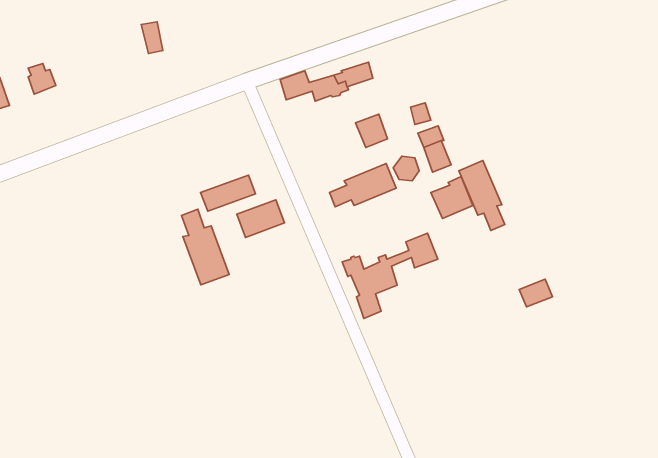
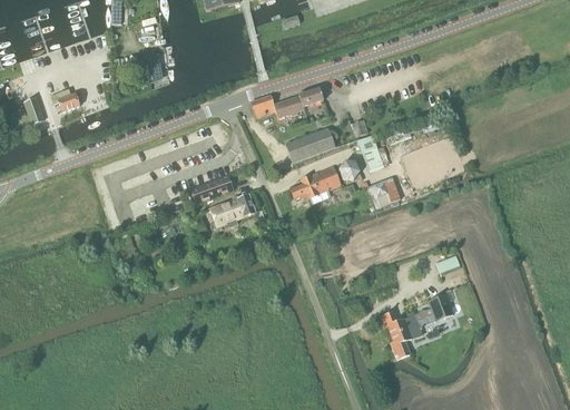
building: none -> [286,134,318,162]
building: [459,160,505,231] -> none
building: [181,209,229,285] -> none
building: [342,233,438,318] -> [381,293,454,359]

